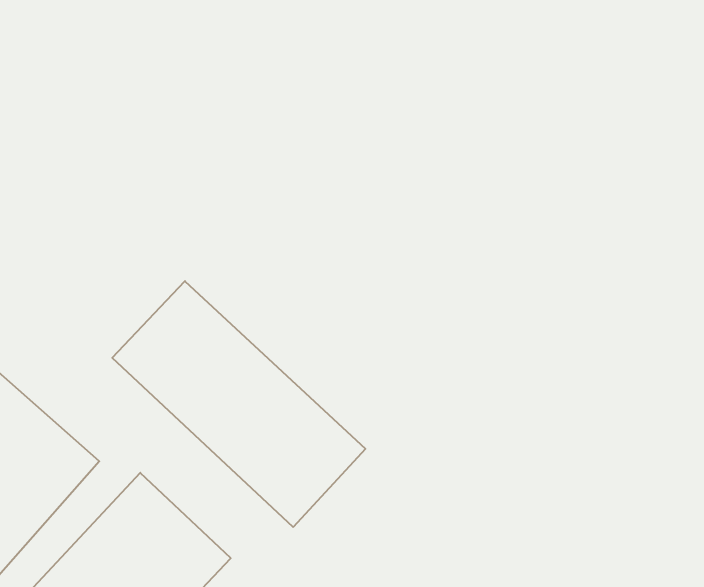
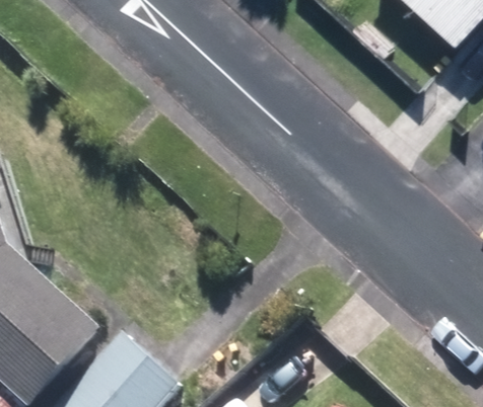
building: [112,281,365,527] -> none

